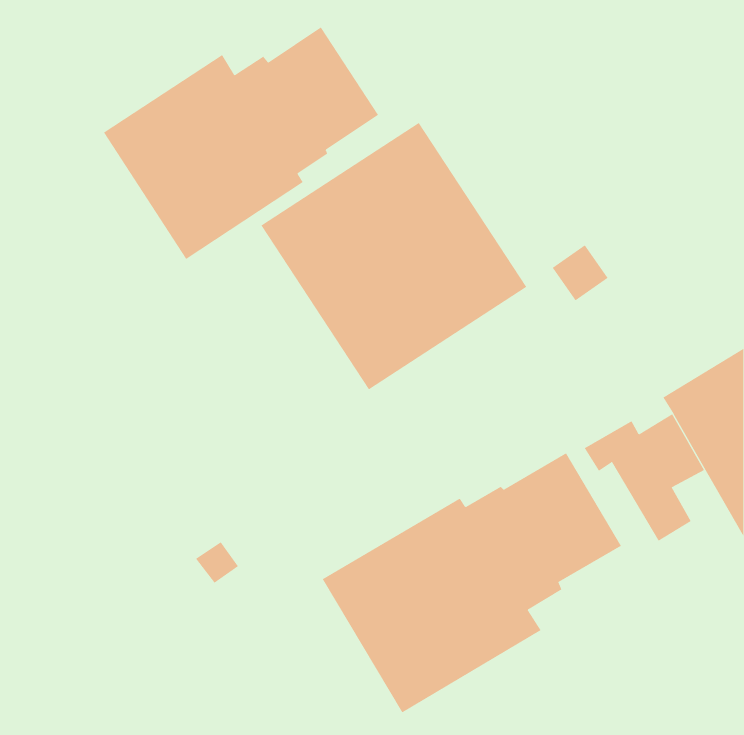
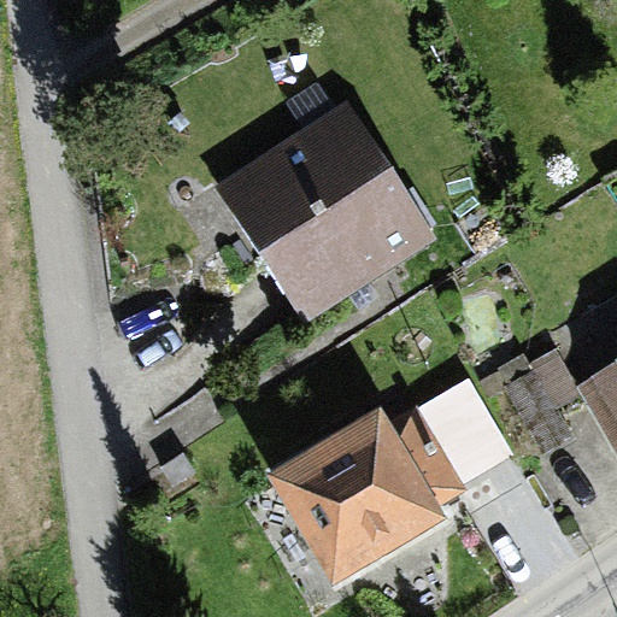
building: [103,26,379,260] -> none

